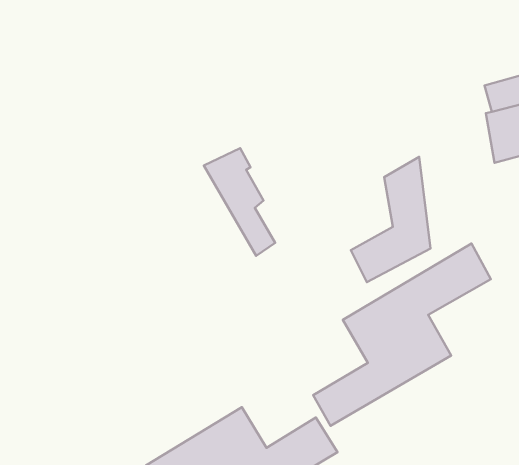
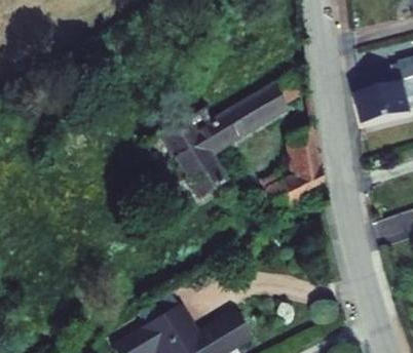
building: none -> [188,75,299,187]
building: [313,244,491,426] -> none

